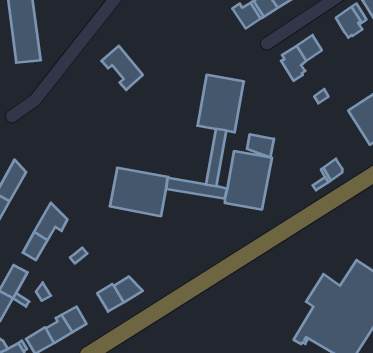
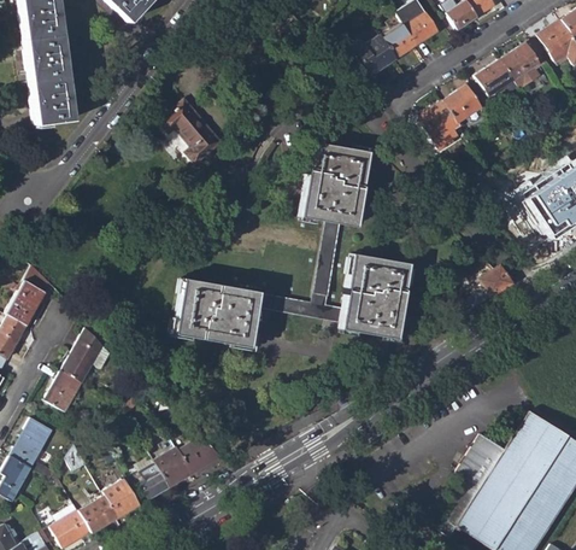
building: none -> [476,59,513,95]
building: [247,134,274,158] -> none
building: none -> [135,462,170,498]

